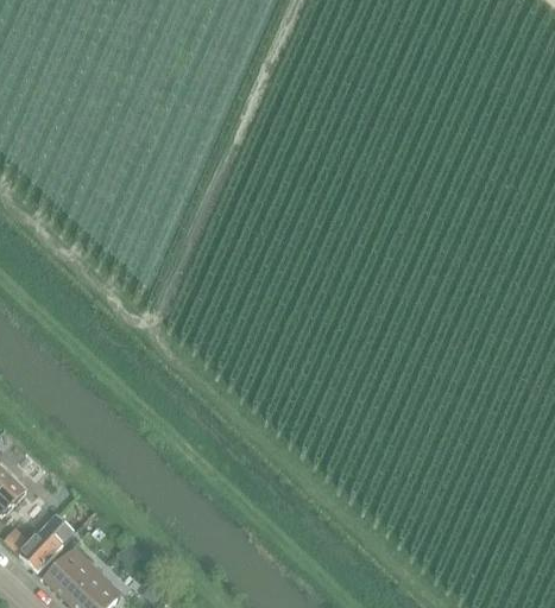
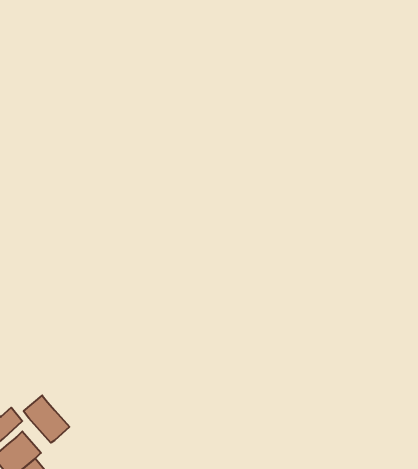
building: none -> [24,395,69,443]

